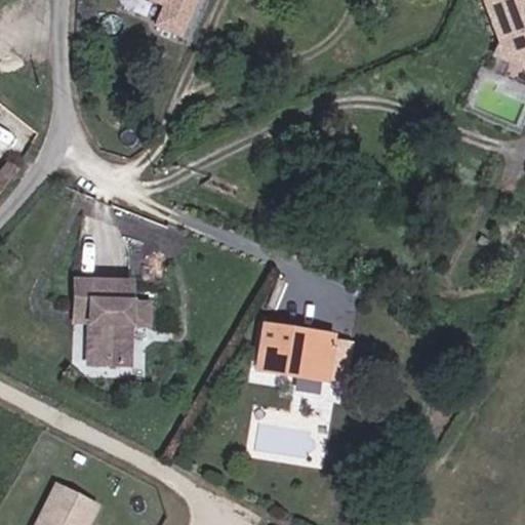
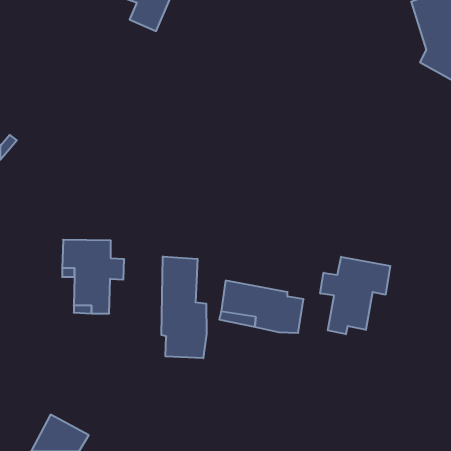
building: none -> [161,256,207,358]
building: none -> [320,257,390,334]

